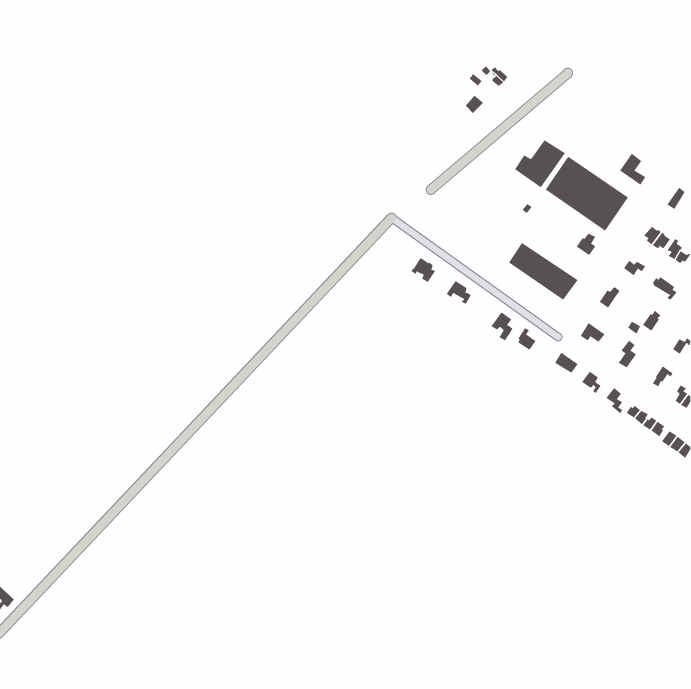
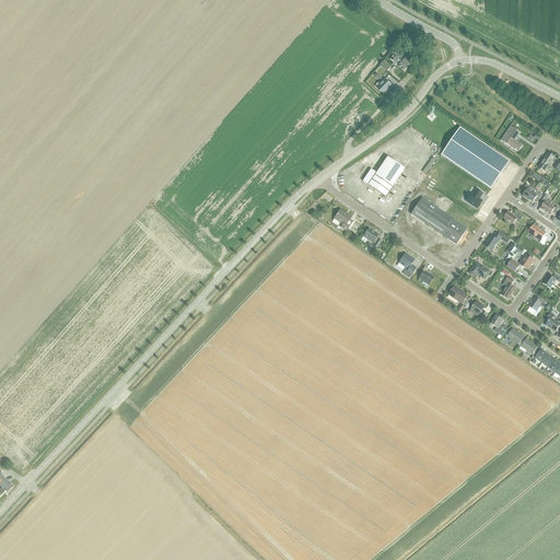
building: [514,139,566,188] -> [362,155,404,195]

